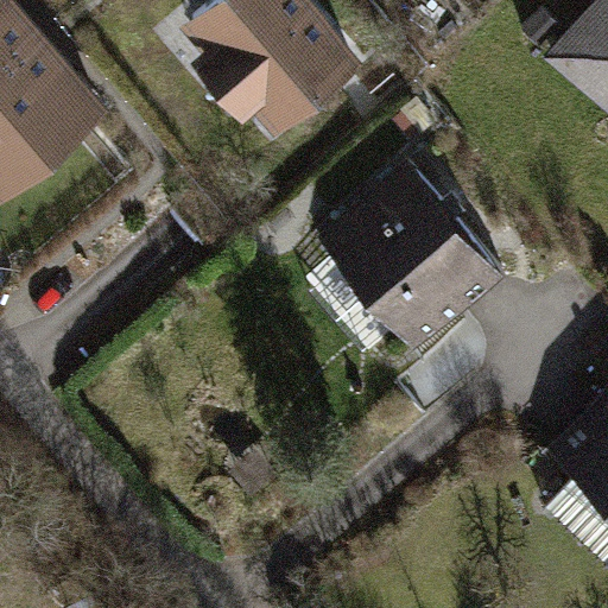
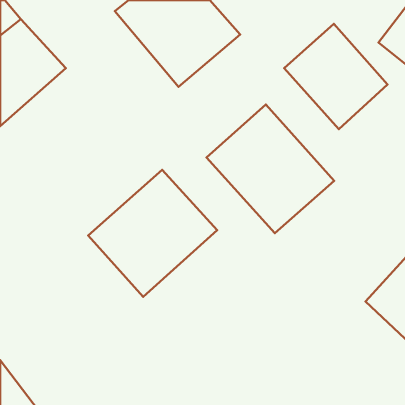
building: none -> [284,24,388,129]
building: none -> [88,170,217,297]

